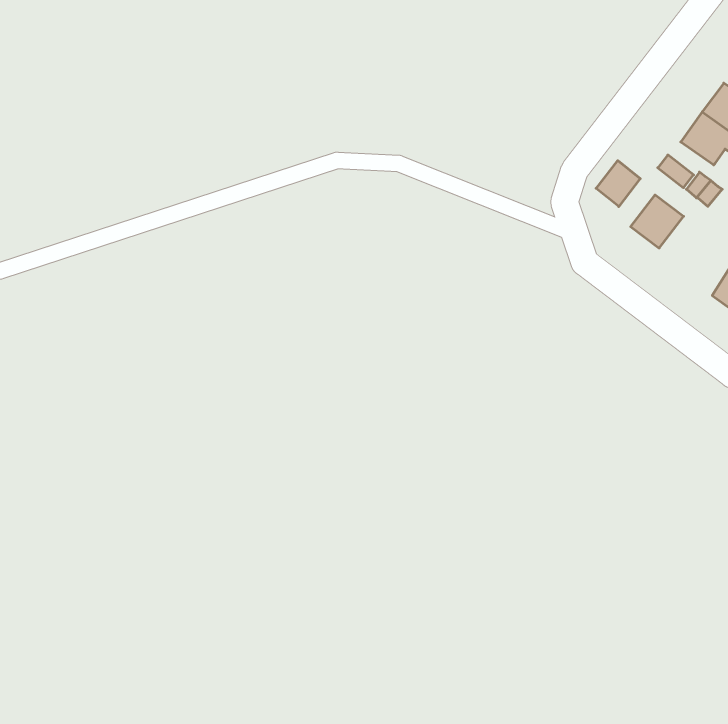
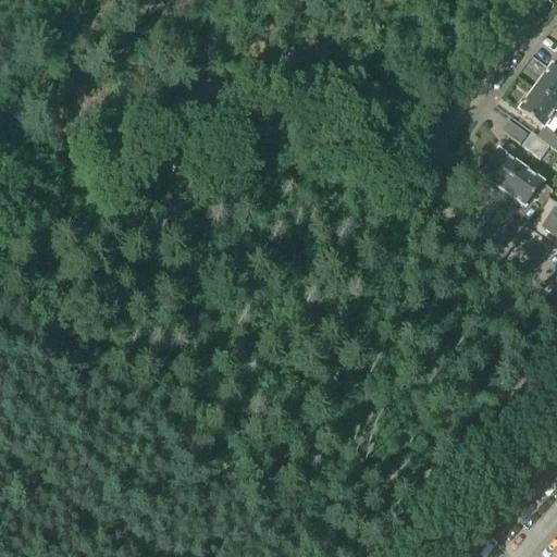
building: [596,161,640,207] -> none
building: none -> [504,164,545,205]

